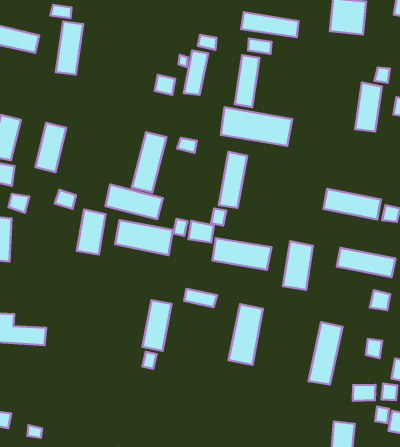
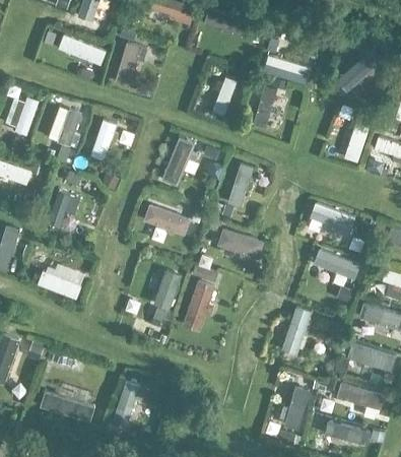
building: [221,107,292,146] -> none
building: [106,185,163,219] -> none
building: [77,210,106,255] -> none
building: [283,241,313,290] -> none
building: [228,304,263,365] -> [183,281,215,330]

